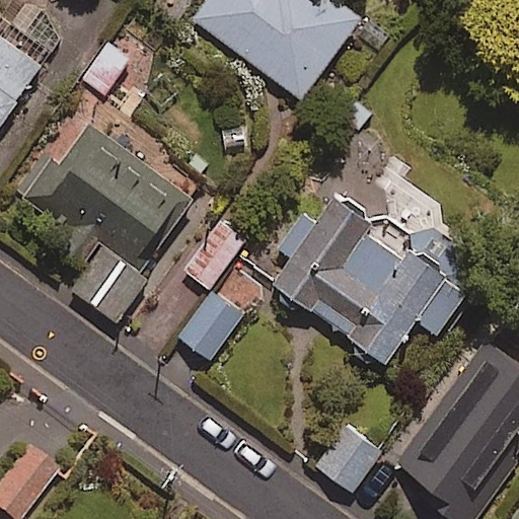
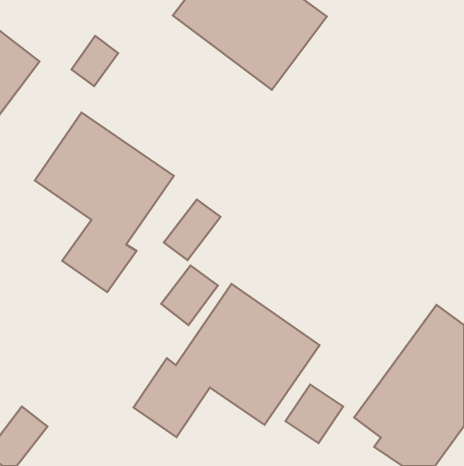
building: [260,188,465,365] -> none
building: none -> [133,284,319,437]

